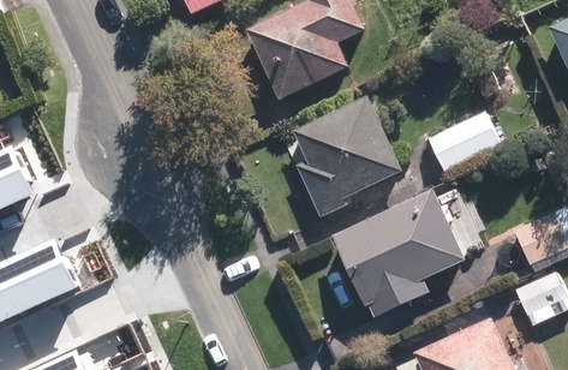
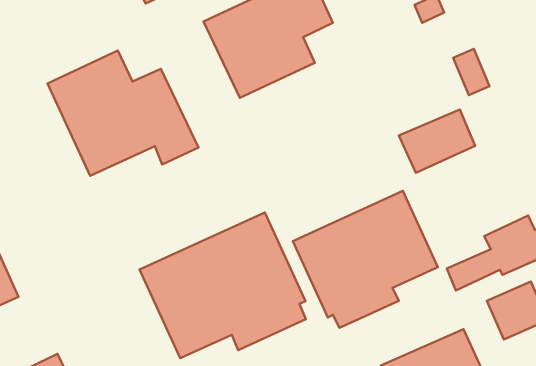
building: none -> [48,51,199,176]
building: [292,96,402,219] -> none
building: none -> [140,212,306,358]

